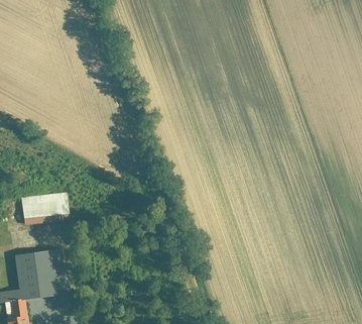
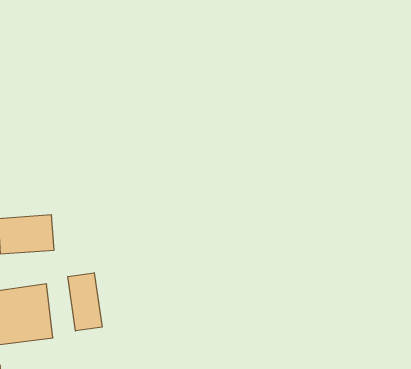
building: none -> [68,273,102,331]

